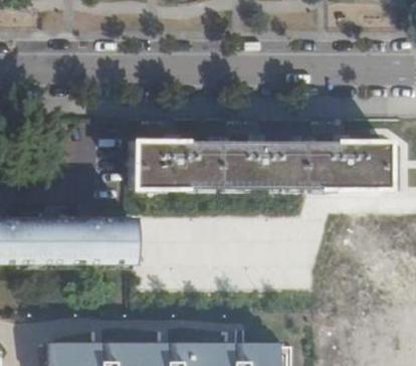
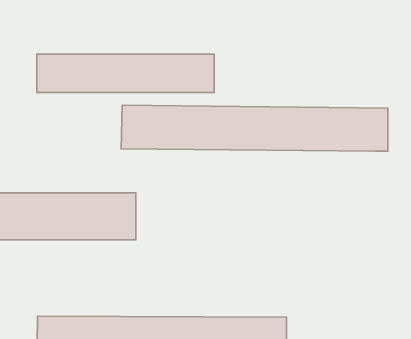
building: none -> [37,54,214,93]

